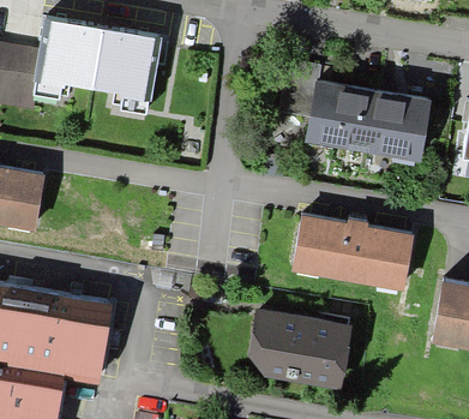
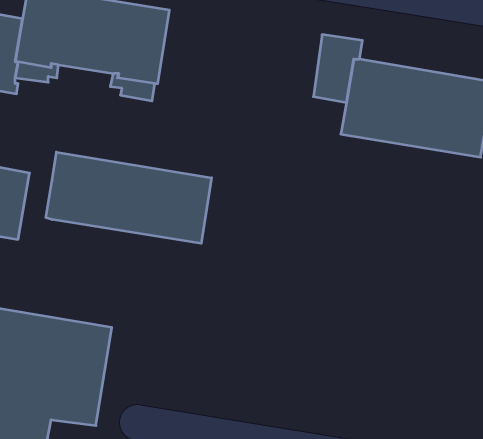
building: none -> [46,152,212,243]
building: [291,214,414,289] -> none
building: [248,306,351,388] -> none

